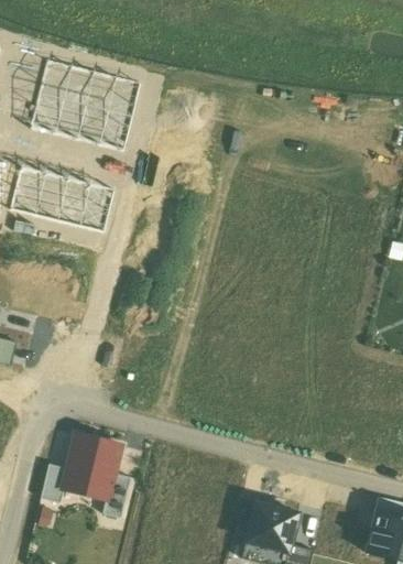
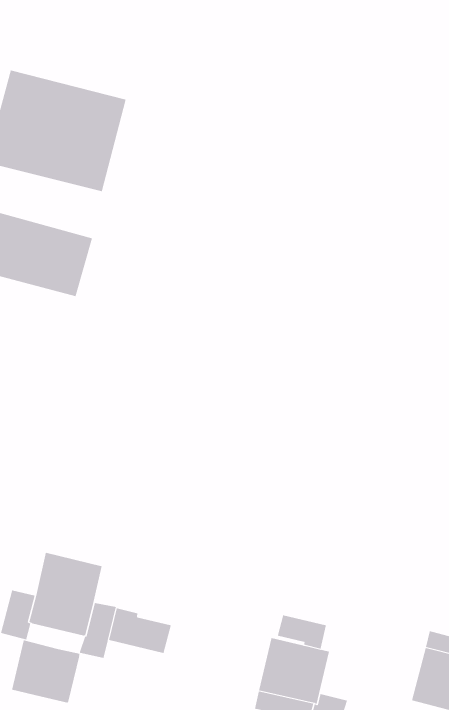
building: none -> [109,608,172,654]
building: none -> [277,615,326,649]
building: none -> [12,640,80,704]

